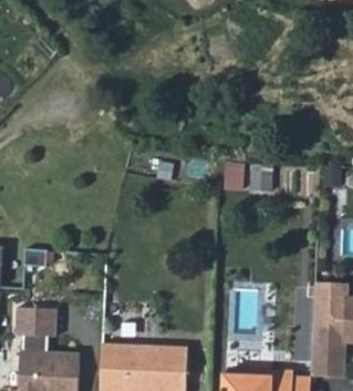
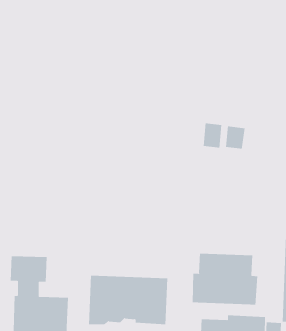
building: none -> [192,253,258,306]

